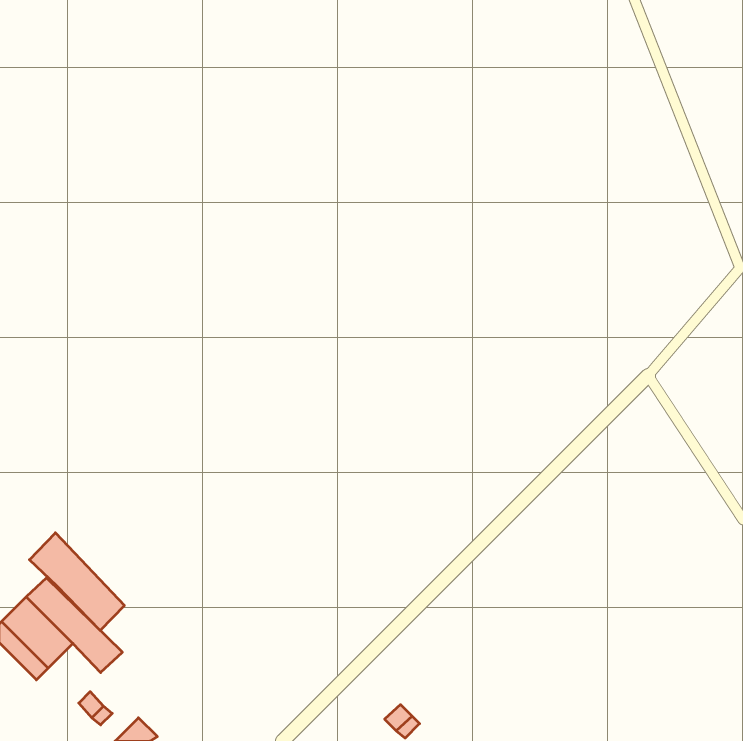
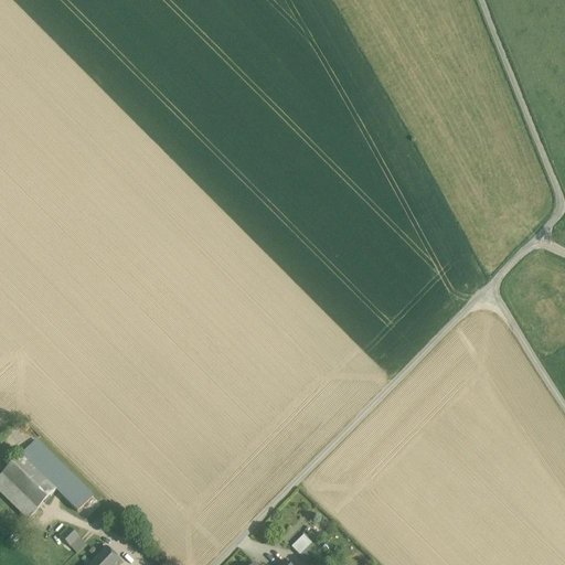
building: [29,533,124,631] -> none

